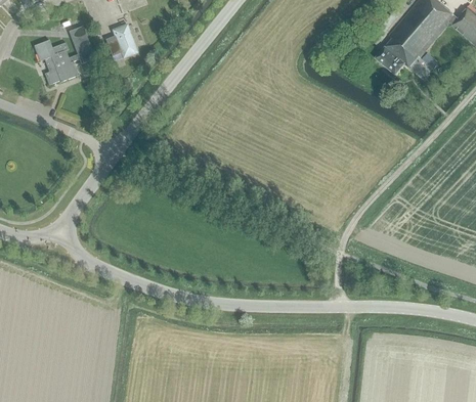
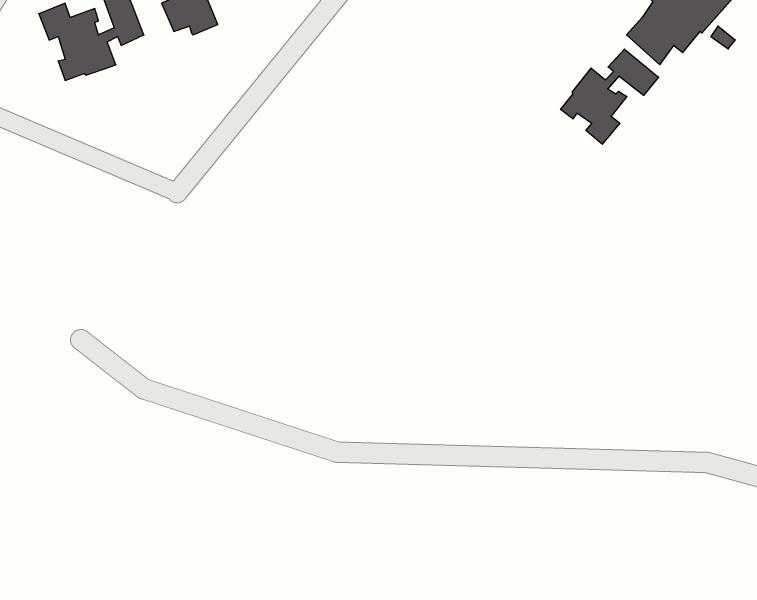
building: none -> [561,49,659,144]

